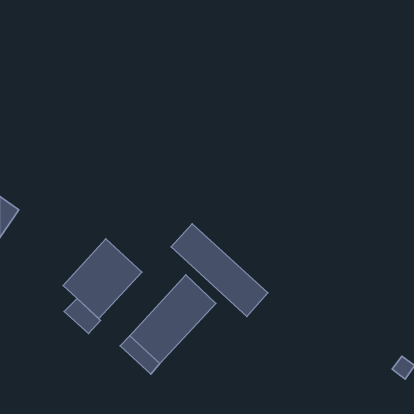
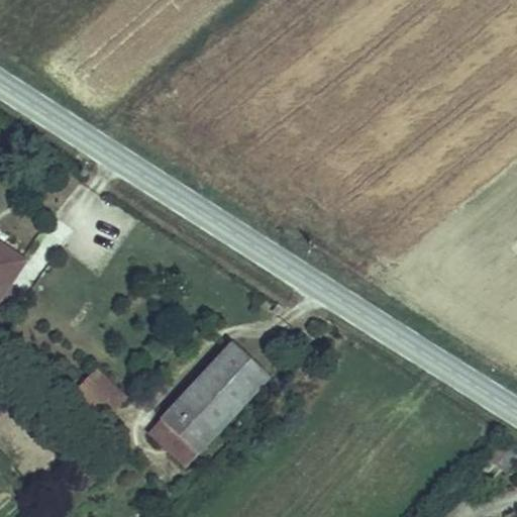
building: [171,224,268,317] -> none
building: [63,239,142,319] -> none

